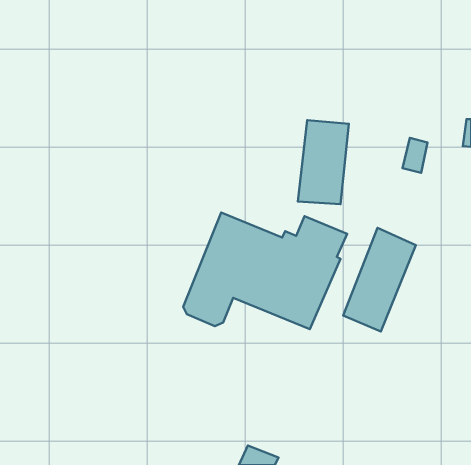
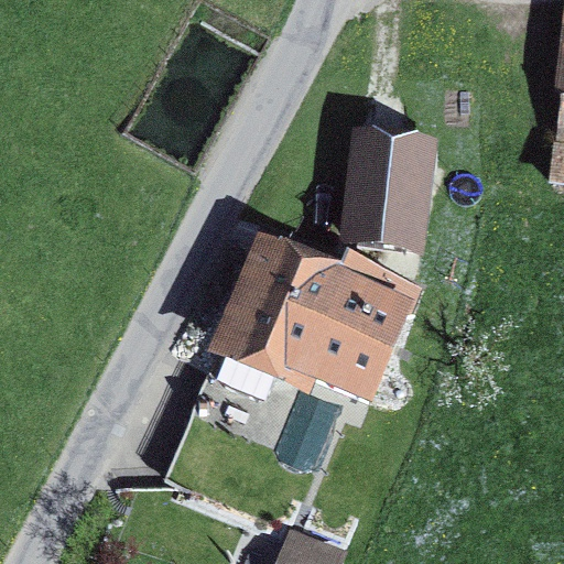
building: [343,228,416,332] -> none

